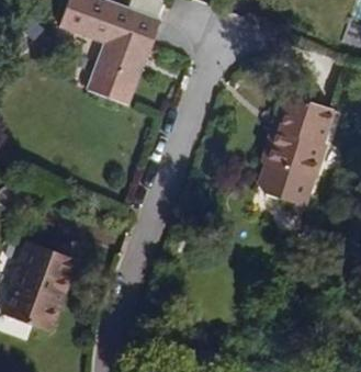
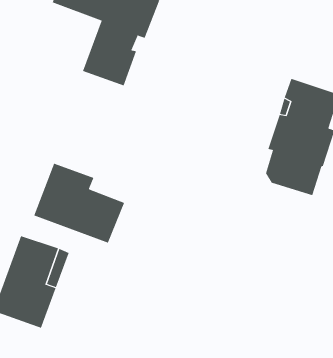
building: none -> [34,163,125,244]

